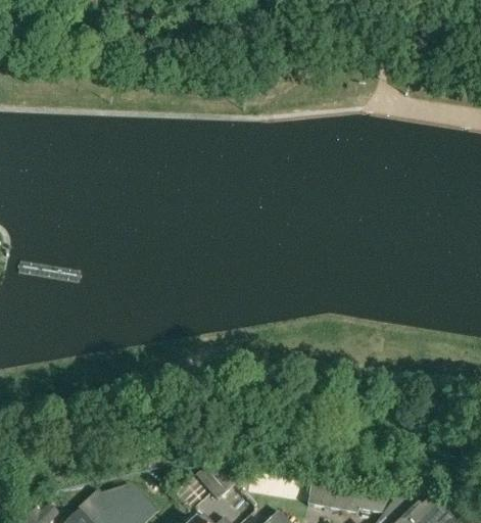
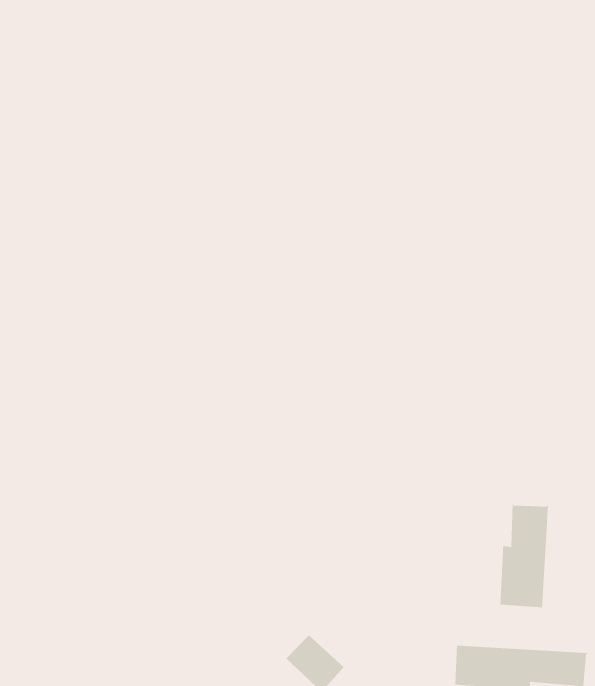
building: none -> [500,503,549,608]

